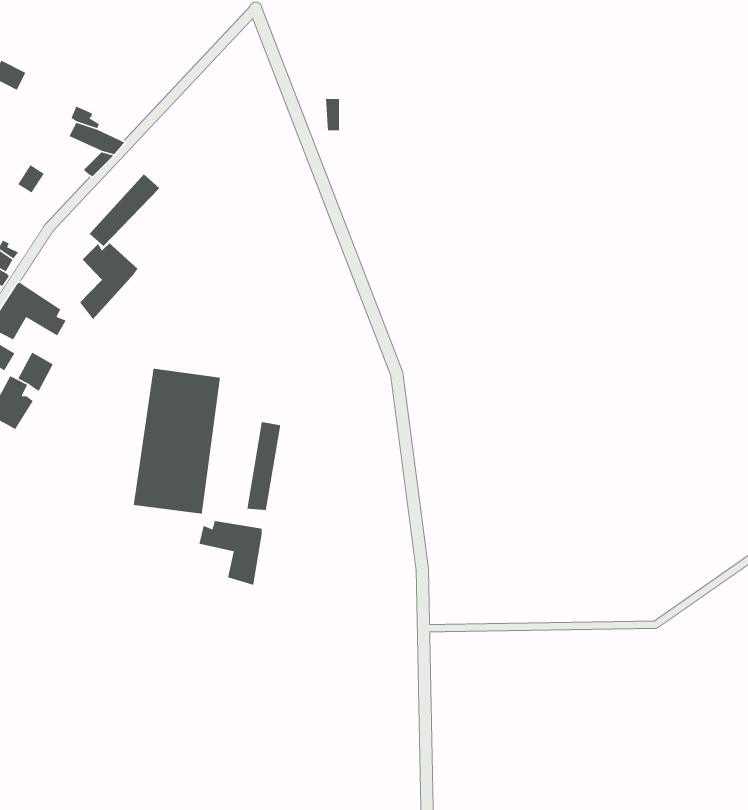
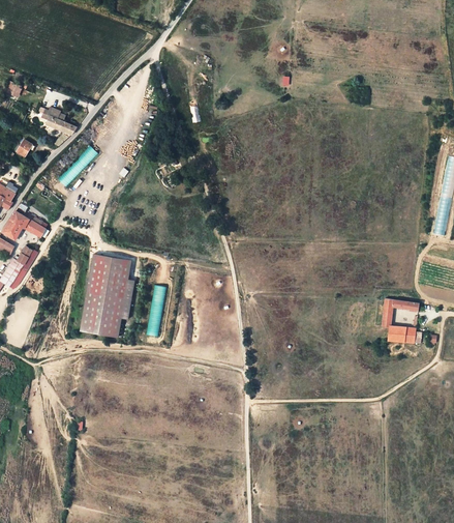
building: [79,243,138,320] -> none
building: none -> [381,298,421,344]
building: [198,520,263,586] -> none

